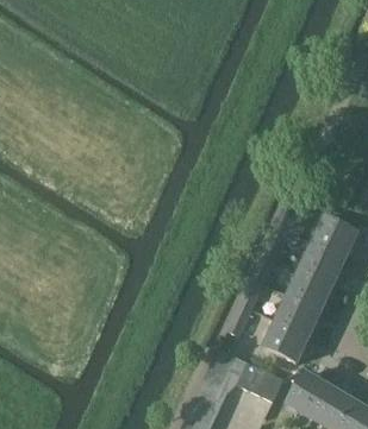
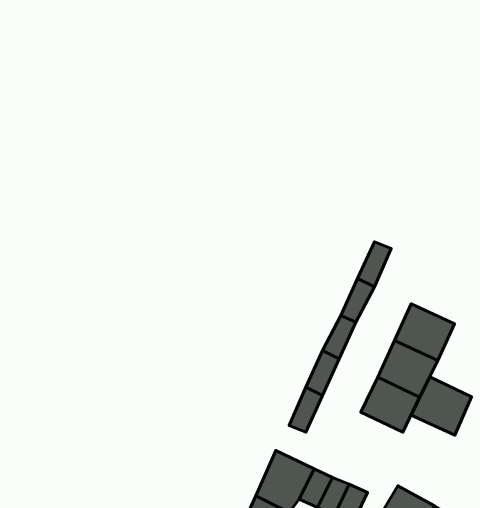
building: [314,216,357,257] -> none
building: [266,320,308,361] -> [411,377,471,435]

